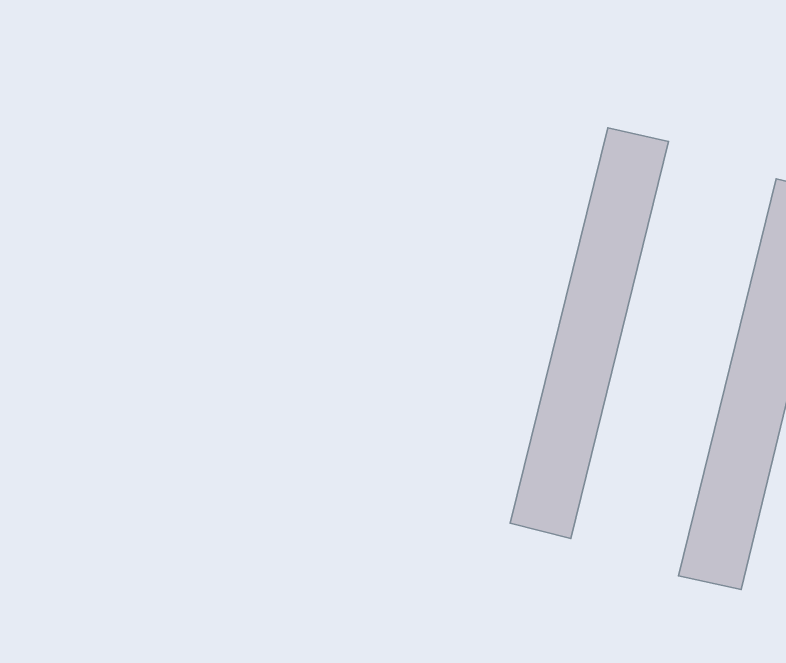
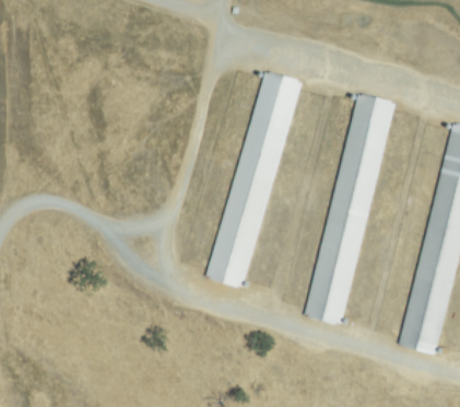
building: none -> [207,72,300,288]

